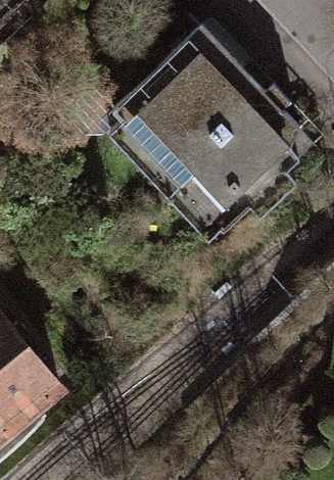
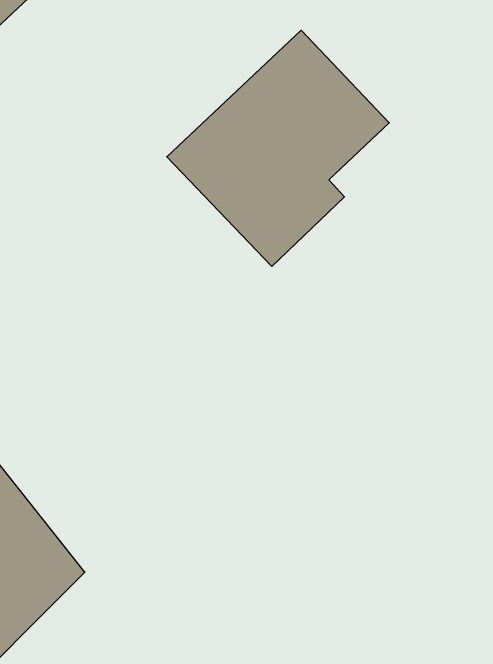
building: [186,90,304,233] -> none

